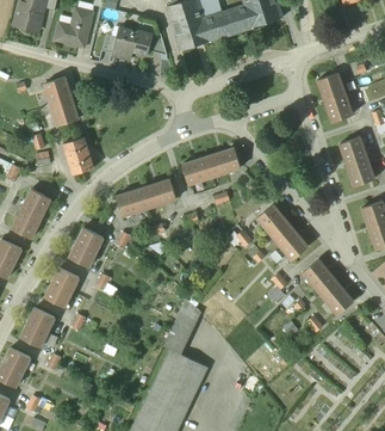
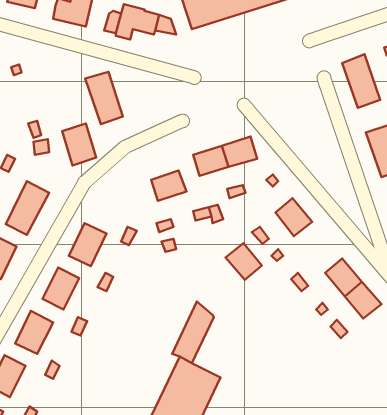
building: [44,78,79,125] -> [85,72,123,124]
building: [118,187,150,215] -> none
building: [274,226,308,259] -> [225,243,262,280]

